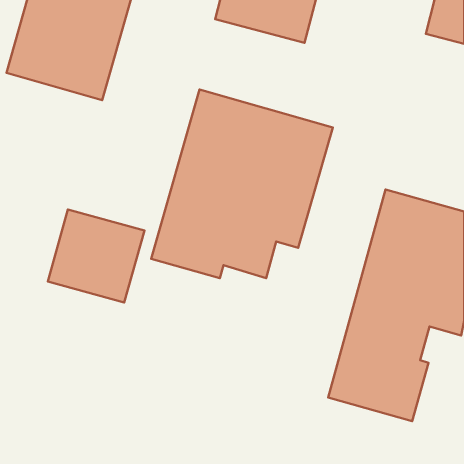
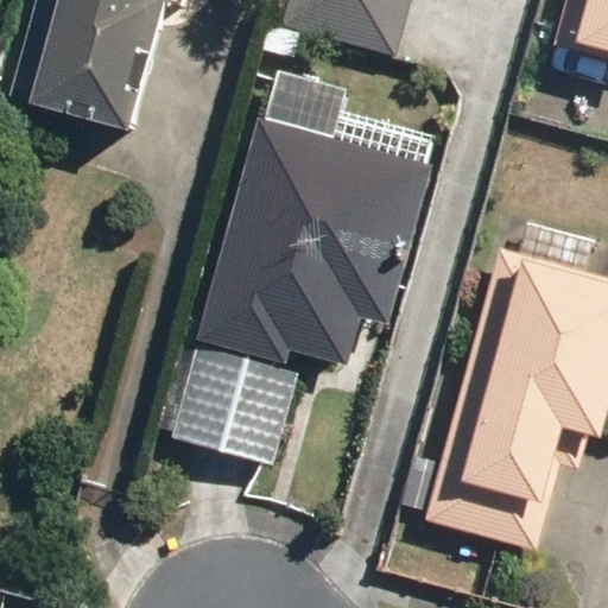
building: [48,209,144,302] -> [173,342,299,463]

